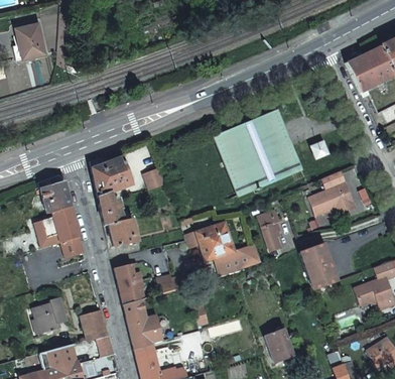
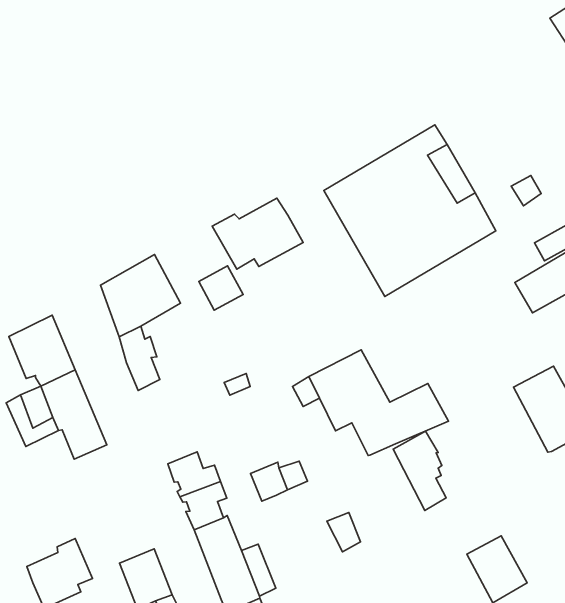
building: none -> [212,198,303,269]
building: [257,210,281,251] -> [393,431,446,511]
building: [105,219,137,245] -> none

